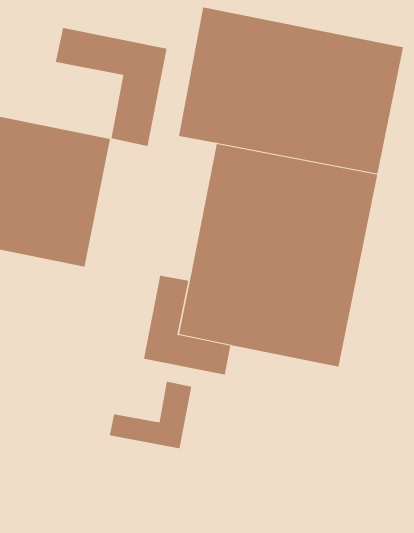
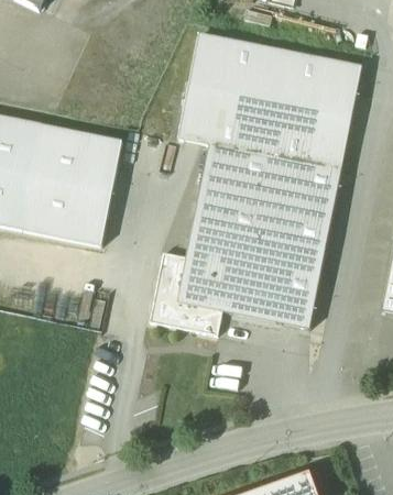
building: [55,27,167,147] -> none
building: [109,381,192,449] -> none

